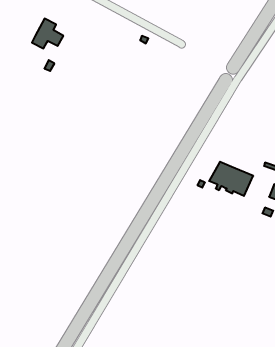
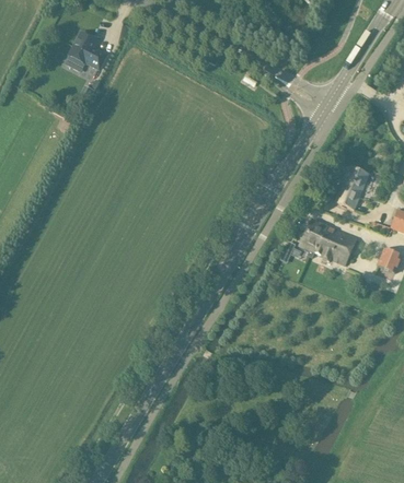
building: none -> [336,166,369,209]

